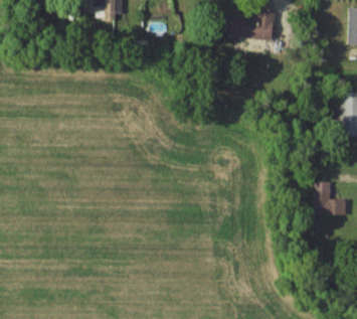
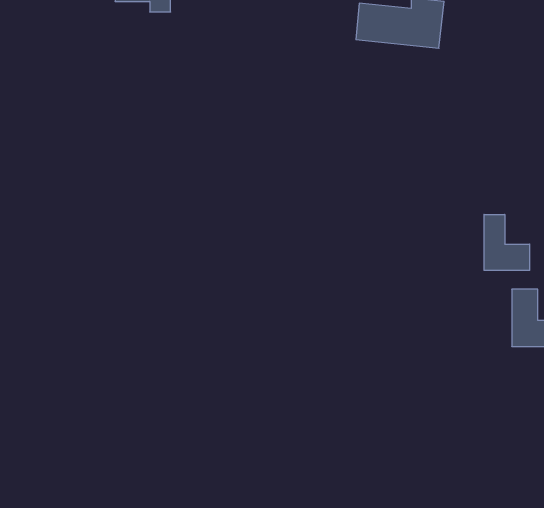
building: none -> [484,214,530,270]

